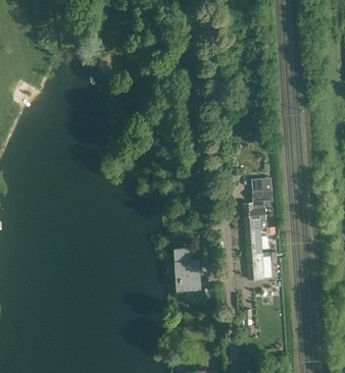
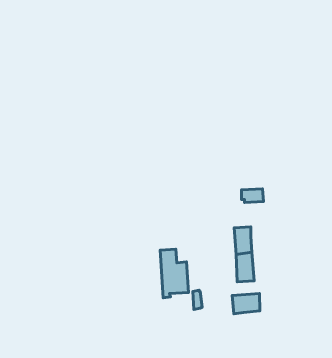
building: [243,202,265,227] -> none
building: none -> [232,293,260,314]

